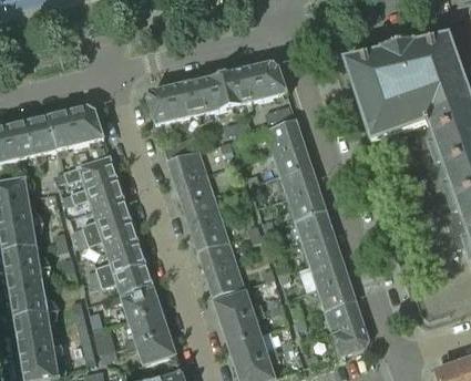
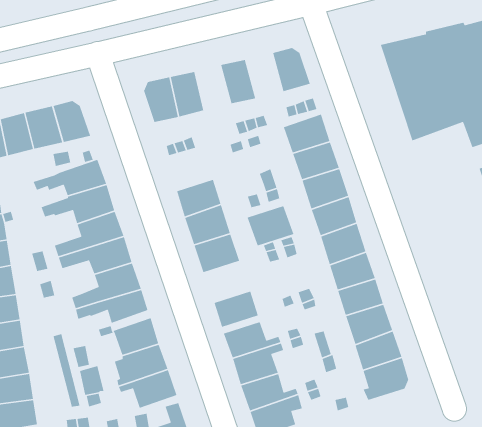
building: [232,66,263,105] -> none
building: [190,76,219,115] -> none
building: [166,148,205,182] -> none
building: [196,240,236,275] -> [246,205,294,247]

